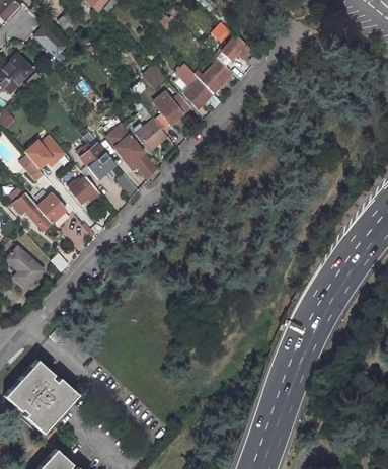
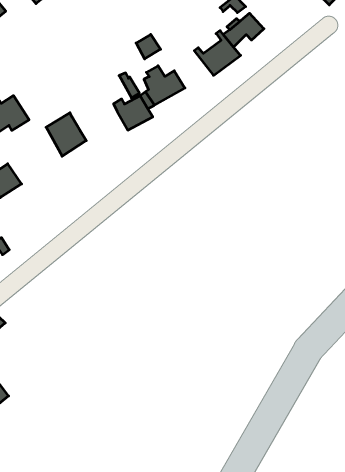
building: [176,65,214,108] -> none
building: [107,125,156,176] -> none
building: [69,176,99,203] -> none

